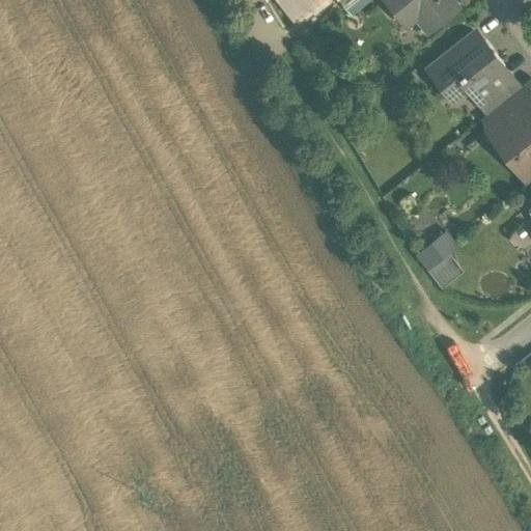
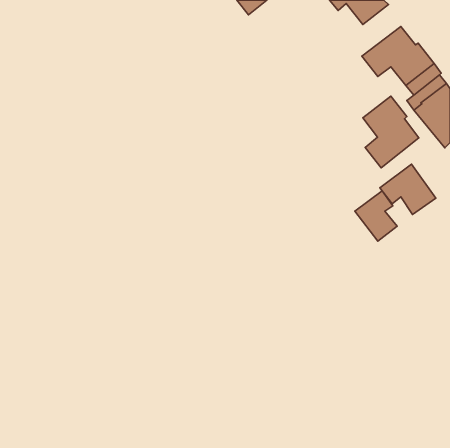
building: none -> [363,96,419,168]
building: none -> [380,164,436,215]

